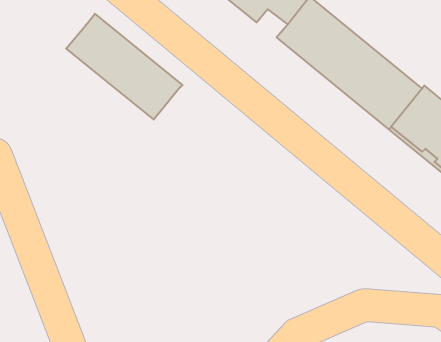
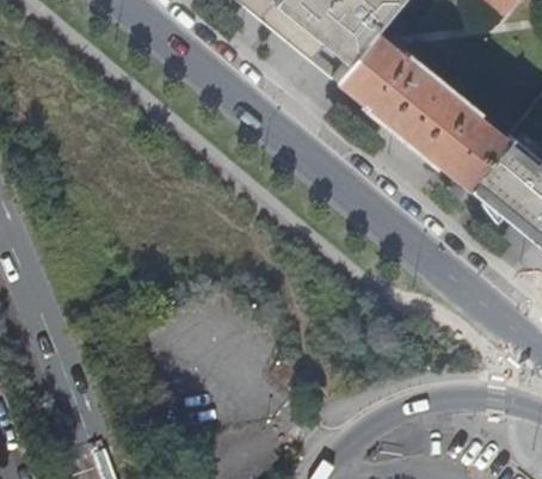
building: [66,14,182,120] -> none

